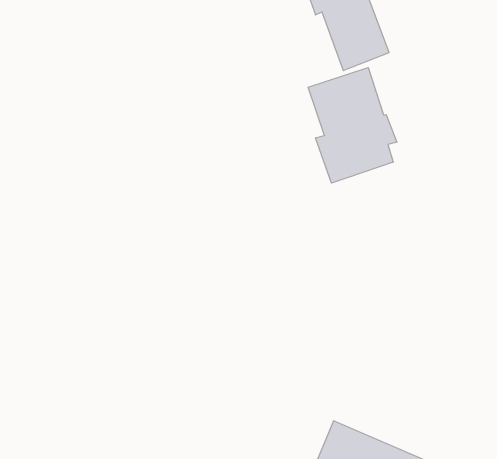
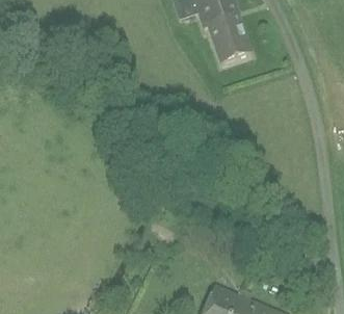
building: [308,68,397,183] -> none

